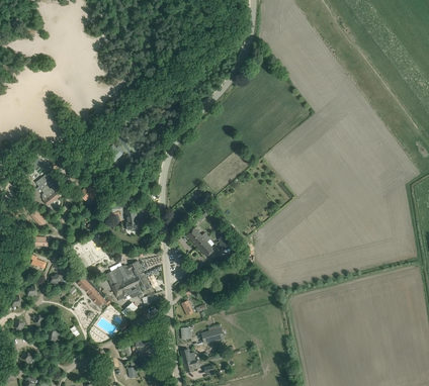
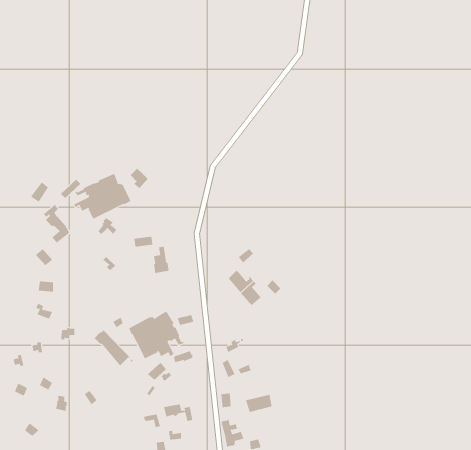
building: none -> [73,173,131,219]

